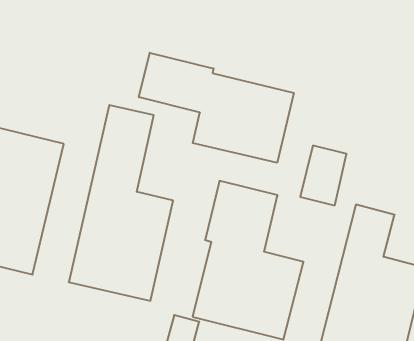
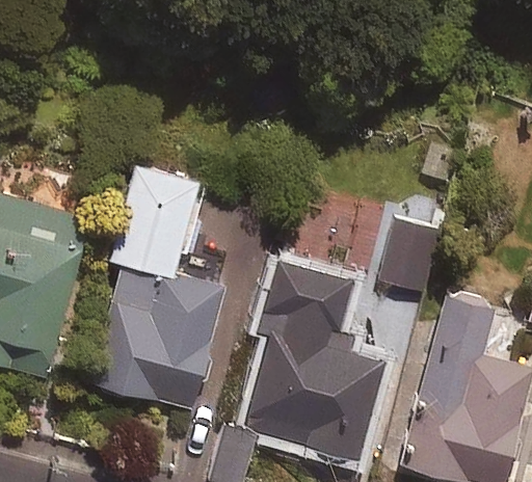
building: [139,53,294,163] -> none

